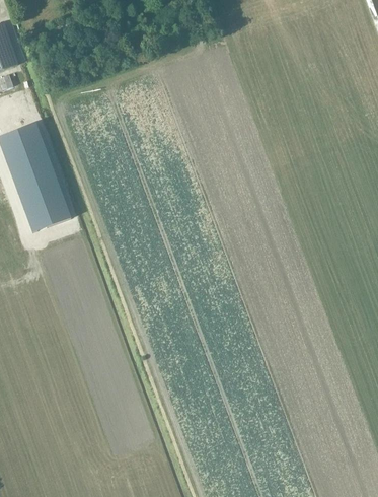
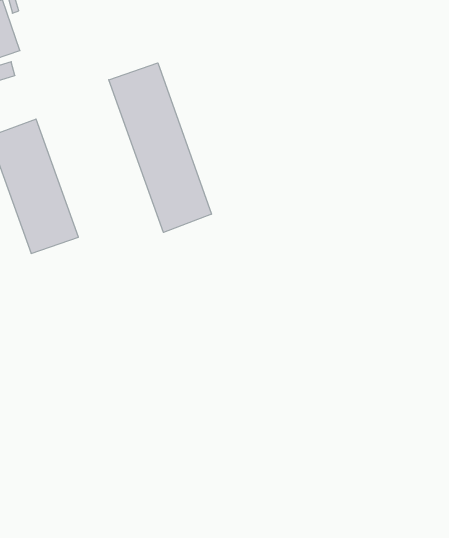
building: none -> [109,63,211,232]

